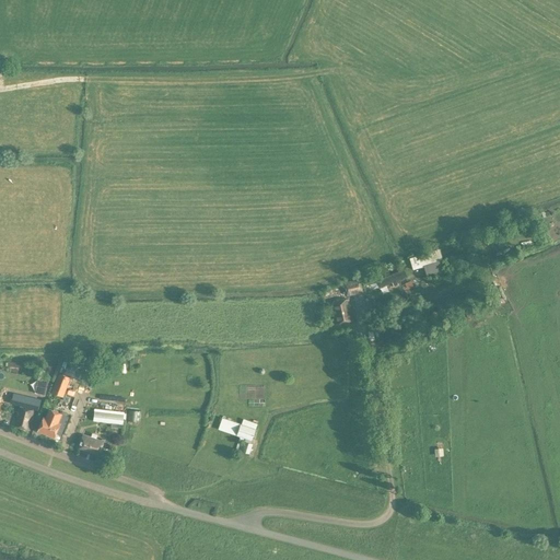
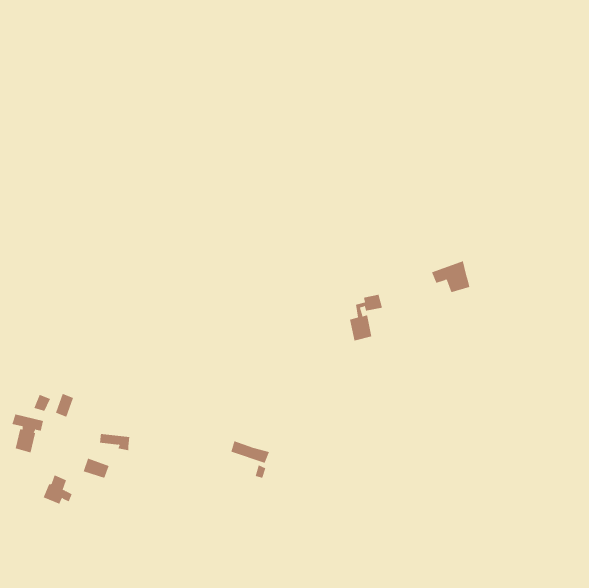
building: [38,408,67,436] -> [43,475,73,504]

